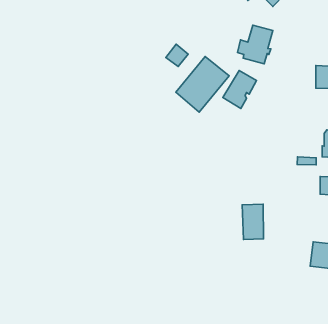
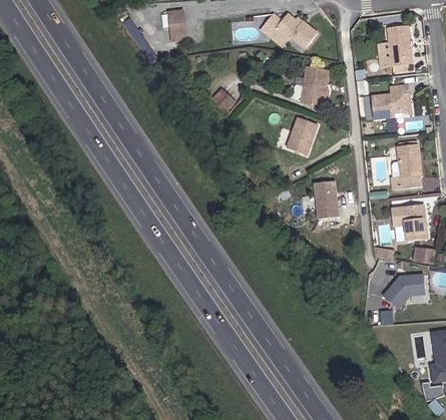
building: [176,57,229,112] -> none
building: [242,204,263,240] -> [312,179,339,219]

